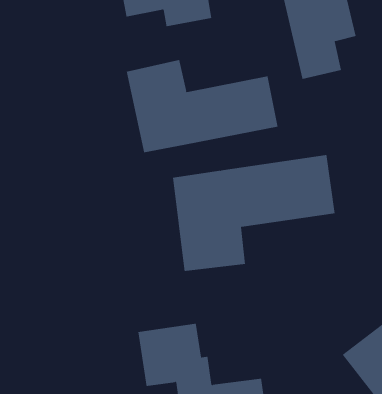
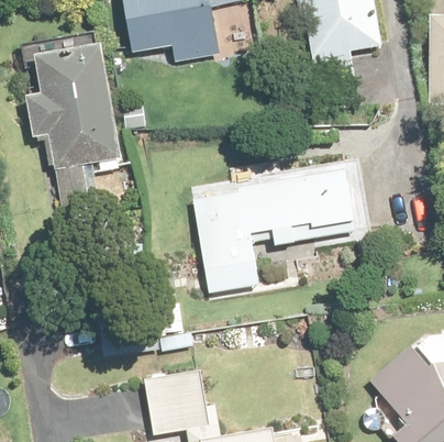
building: none -> [29,41,126,180]
building: [126,59,278,153] -> none

